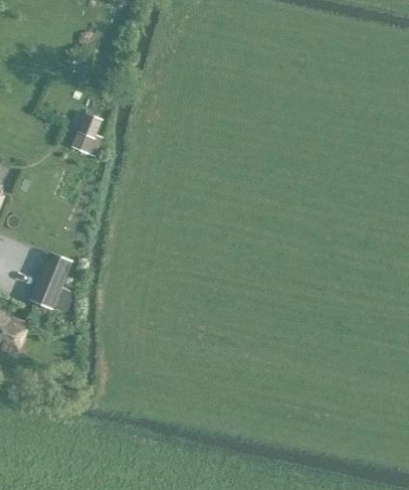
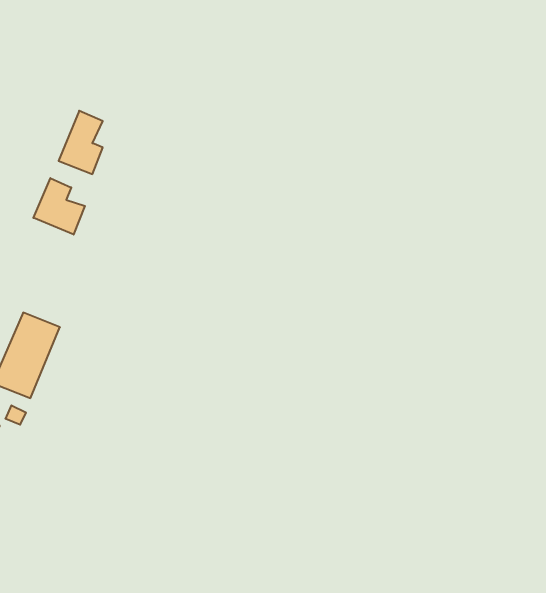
building: none -> [33,178,85,235]

